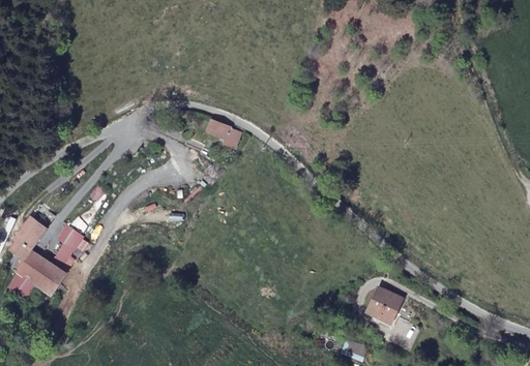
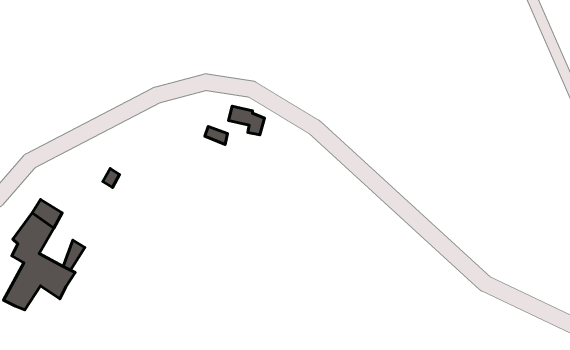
building: [59,220,86,247] -> none
building: [363,289,398,323] -> none

